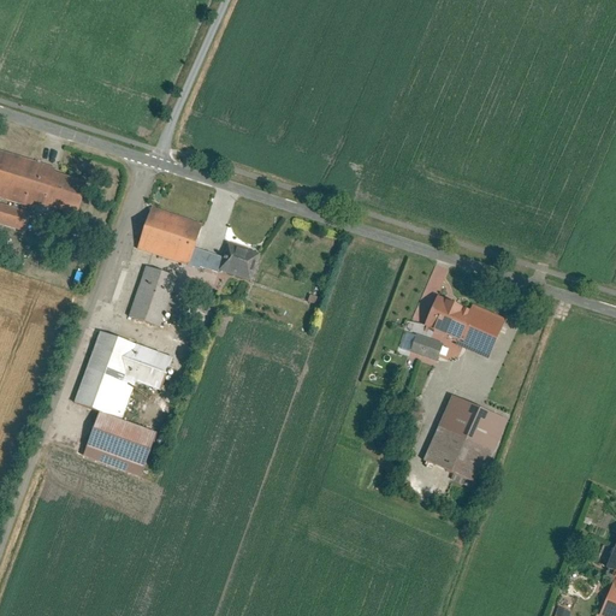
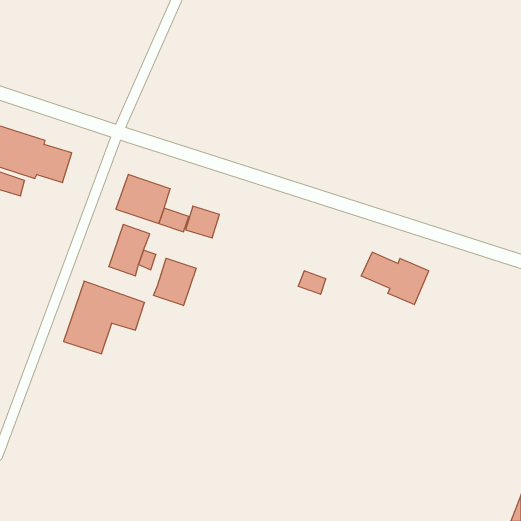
building: none -> [153,258,196,306]
building: [408,332,440,360] -> [298,271,326,294]
building: [424,395,505,487] -> none
building: [82,410,158,474] -> none

